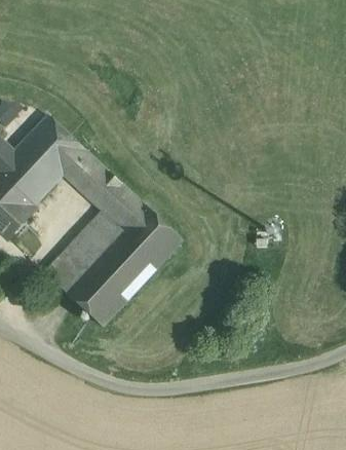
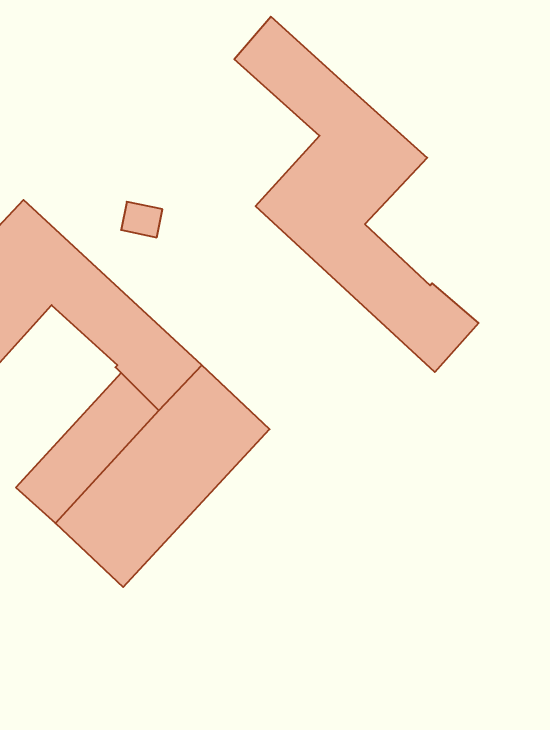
building: none -> [234,17,479,372]

